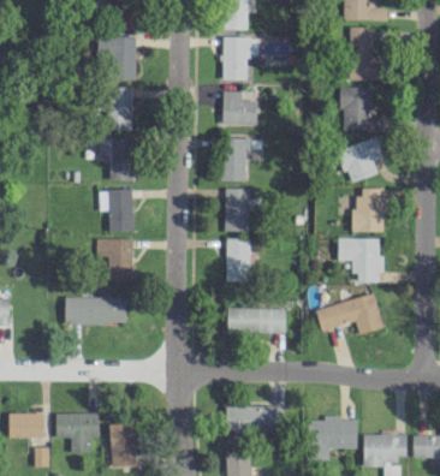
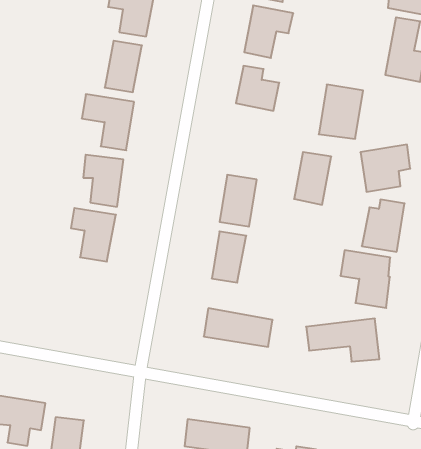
building: [343,87,375,131] -> [319,85,363,139]
building: [222,138,249,182] -> [294,152,331,205]
building: [66,297,127,325] -> none

